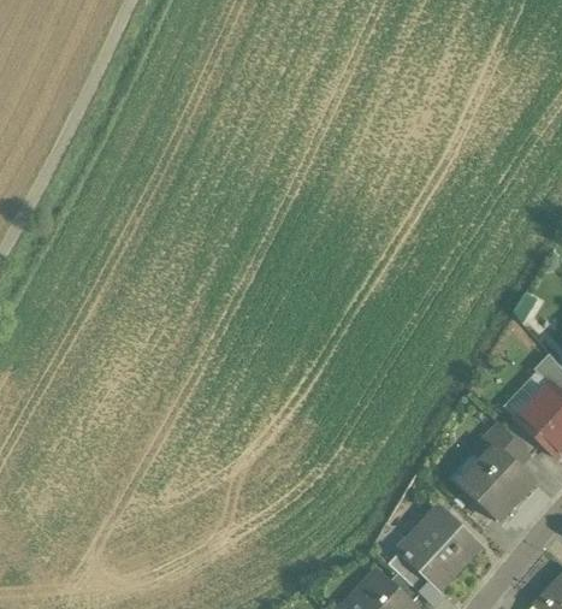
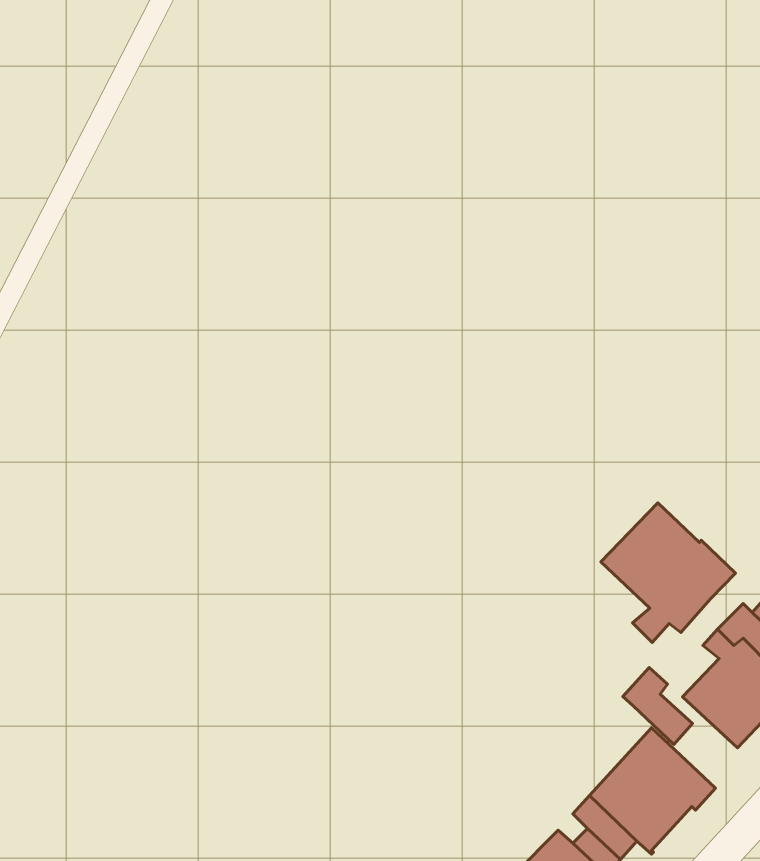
building: none -> [601,503,736,643]
building: none -> [623,667,693,744]

